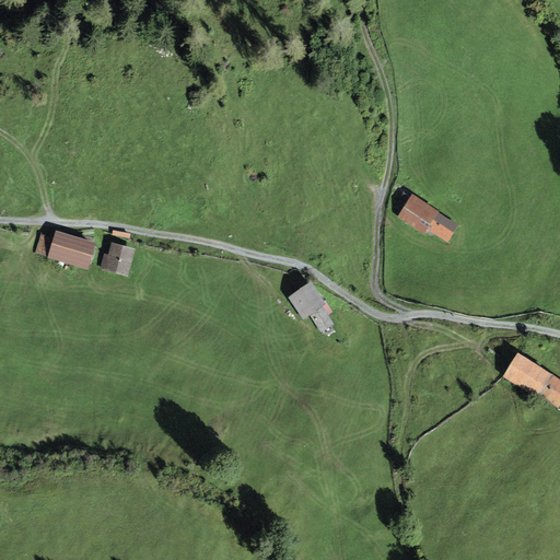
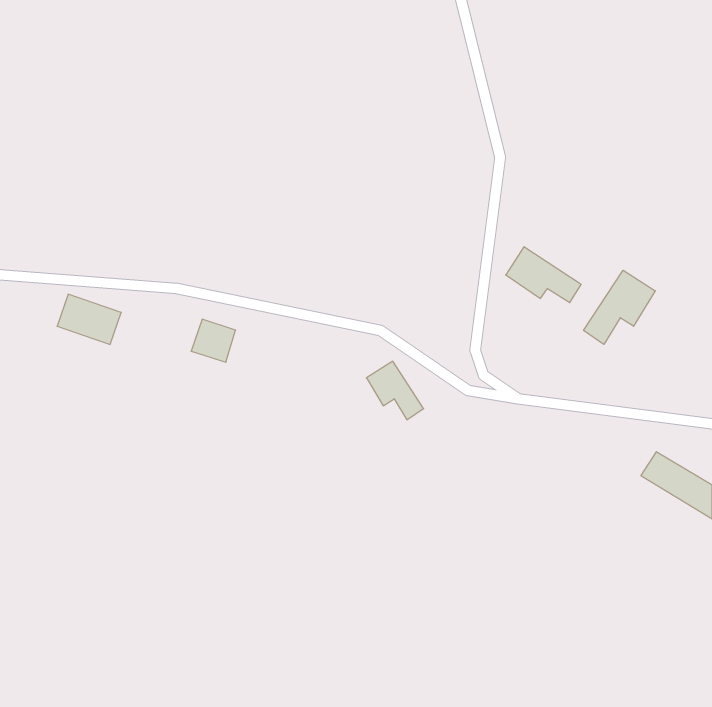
building: none -> [584,270,655,344]
building: [103,241,138,275] -> [191,319,236,362]

